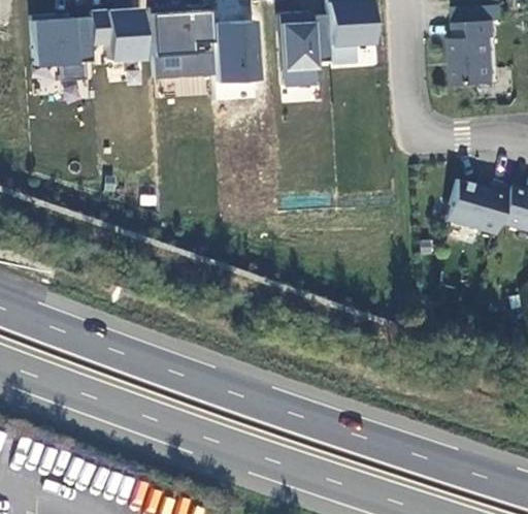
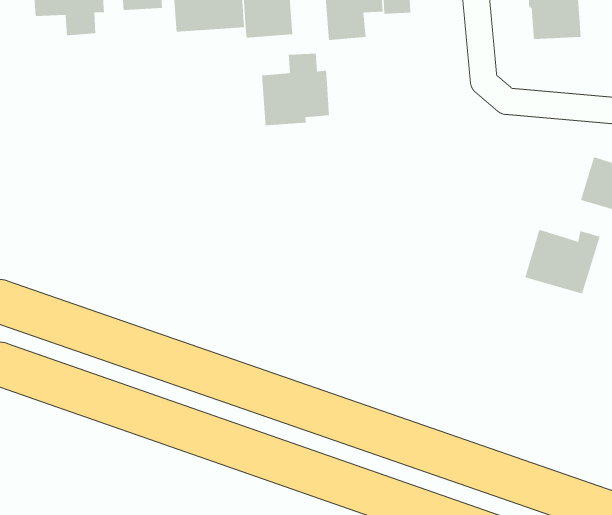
building: none -> [261,53,329,126]
building: [446,179,510,234] -> [524,229,600,294]

